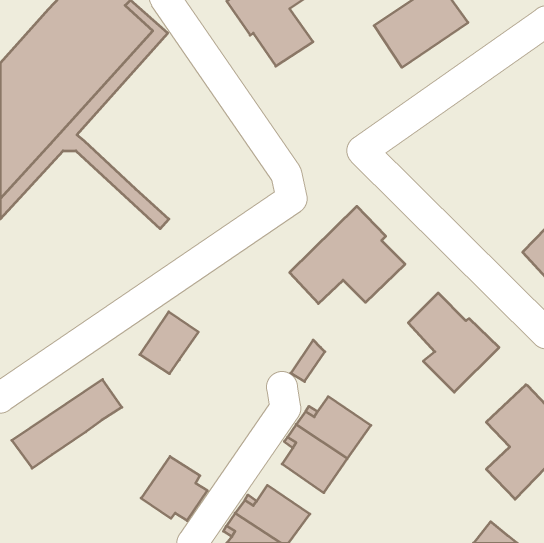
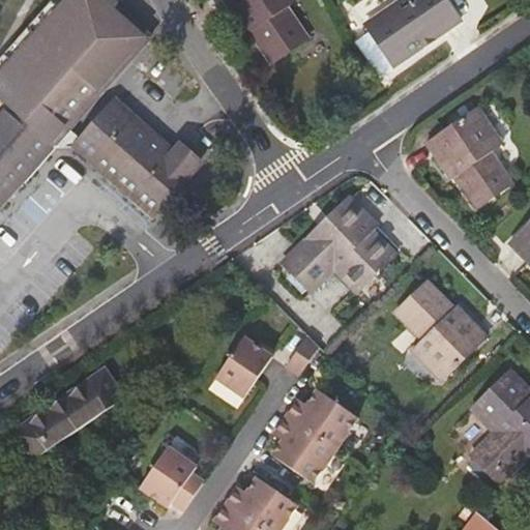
building: none -> [84,97,204,212]
building: none -> [424,112,508,209]
building: [140,312,198,374] -> [213,332,270,392]

